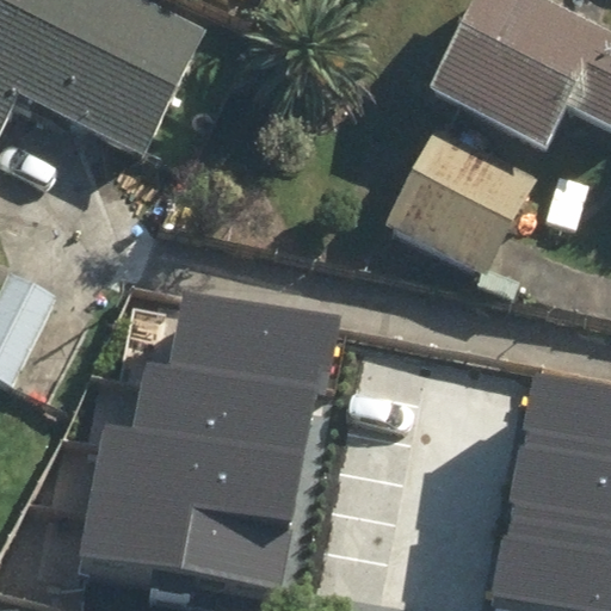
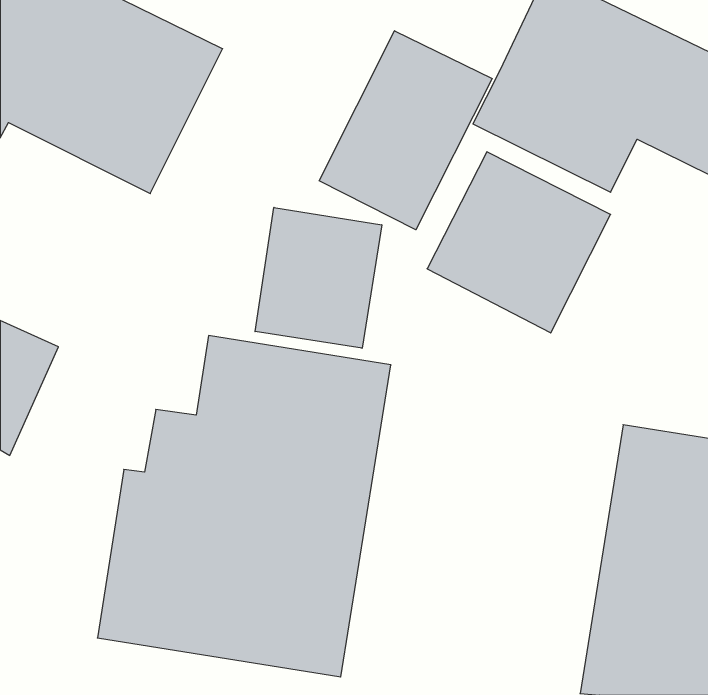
building: none -> [319,31,492,230]
building: none -> [255,207,382,348]

